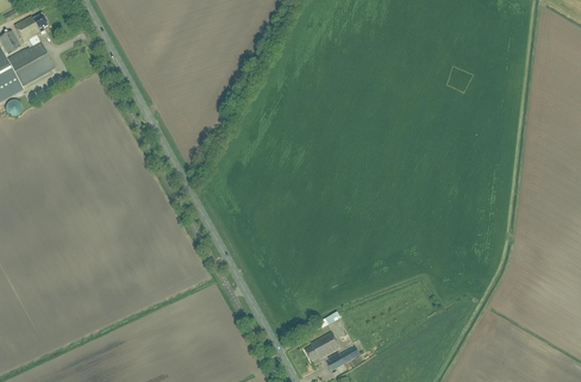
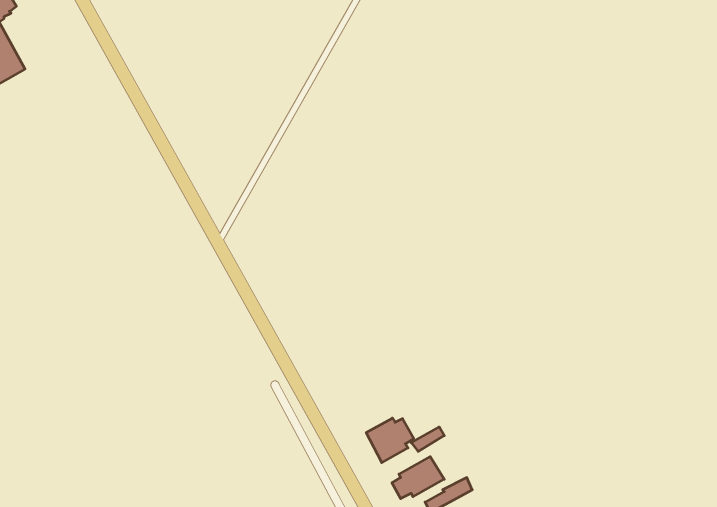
building: none -> [366,418,414,463]

